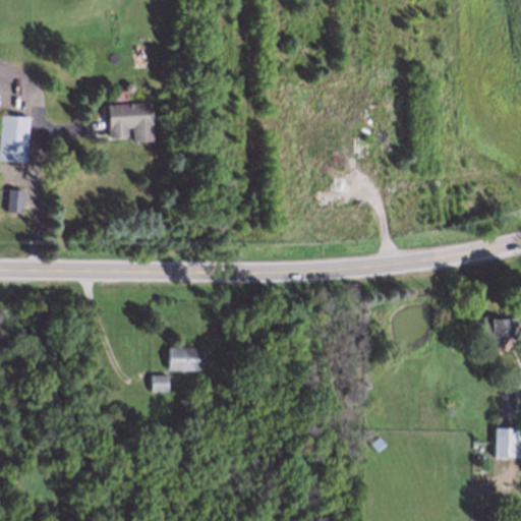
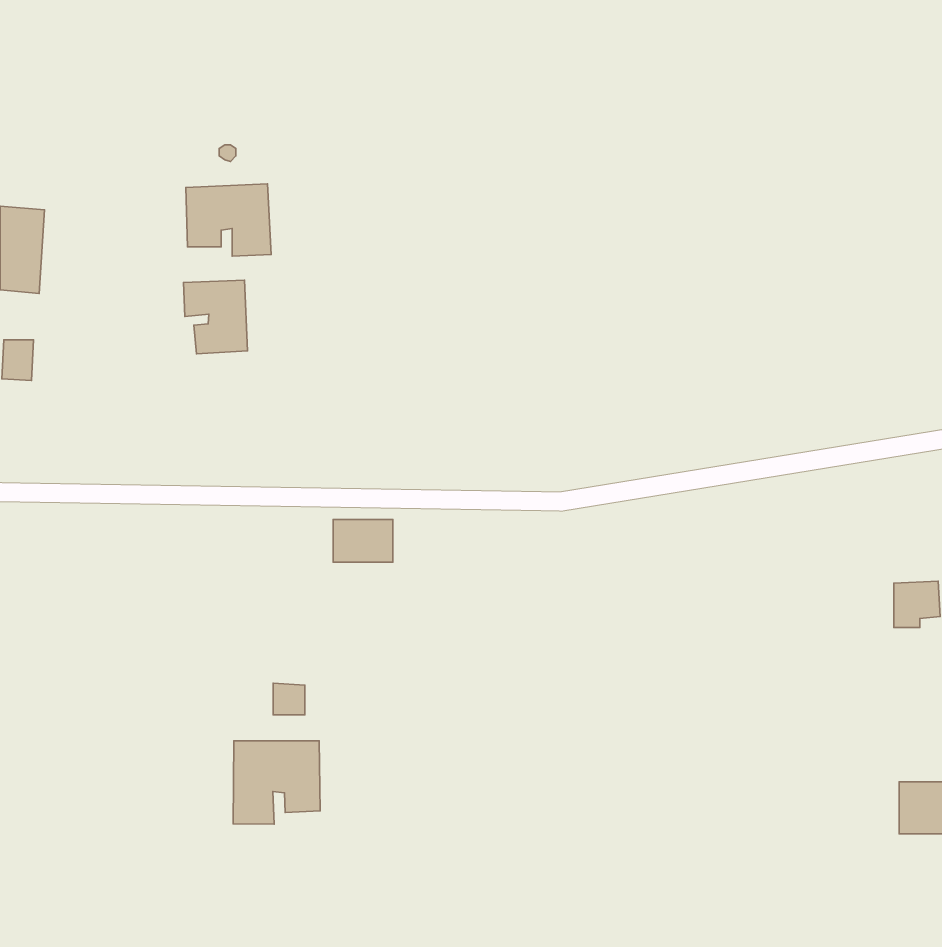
building: none -> [183,280,248,354]
building: [170,348,202,371] -> [333,520,393,562]
building: none -> [233,741,320,824]

